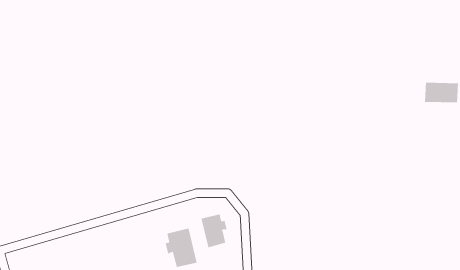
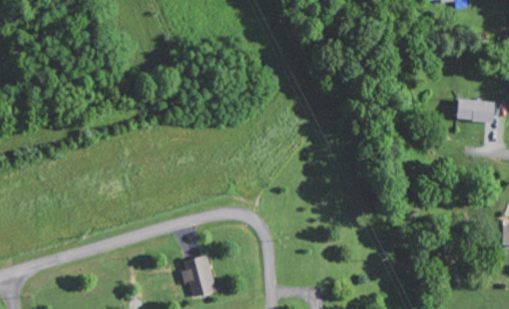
building: [201,214,227,248] -> none

